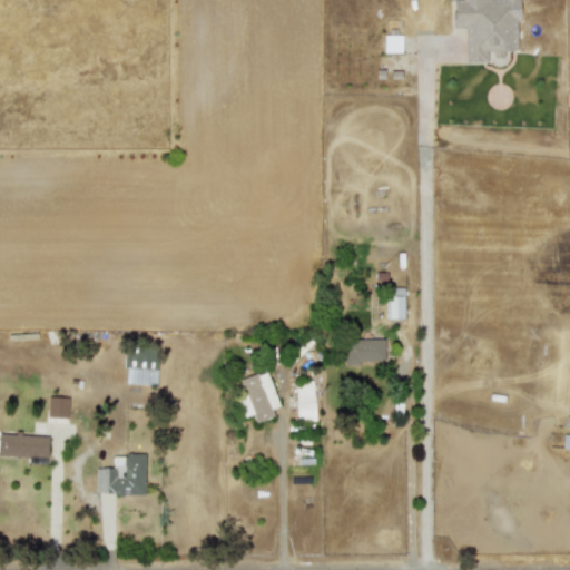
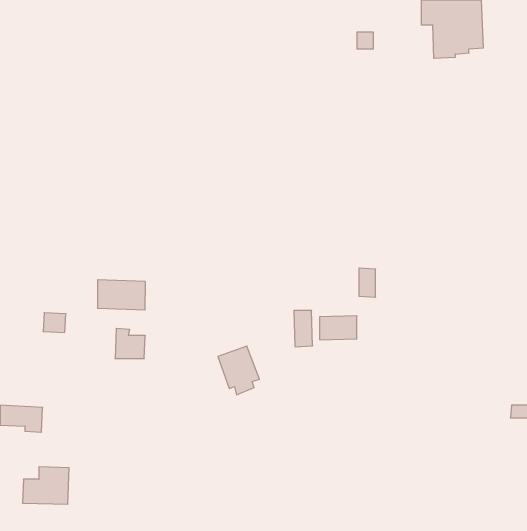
building: none -> [98,280,145,310]
building: [297,382,317,421] -> [294,310,313,347]
building: [49,396,73,417] -> [43,313,66,332]
building: [97,454,147,494] -> [22,467,69,504]

